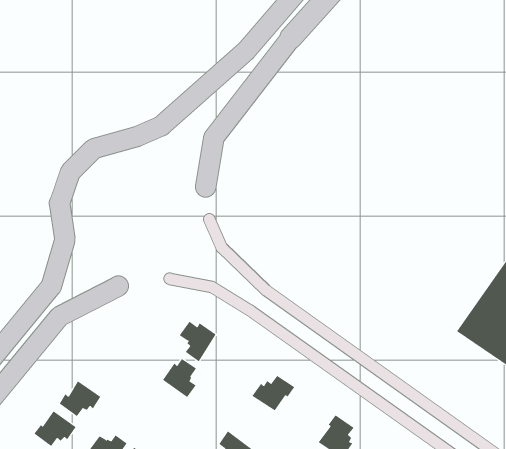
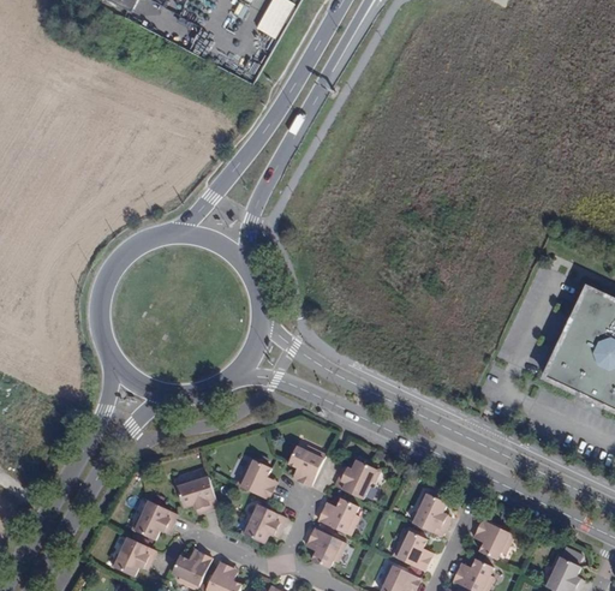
building: [179,321,216,362] -> [285,443,324,485]
building: none -> [177,476,217,509]
building: none -> [244,503,288,542]
building: none -> [318,497,359,535]

